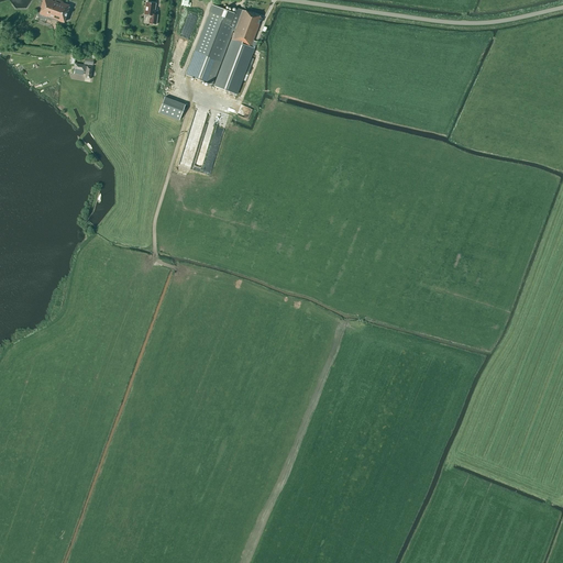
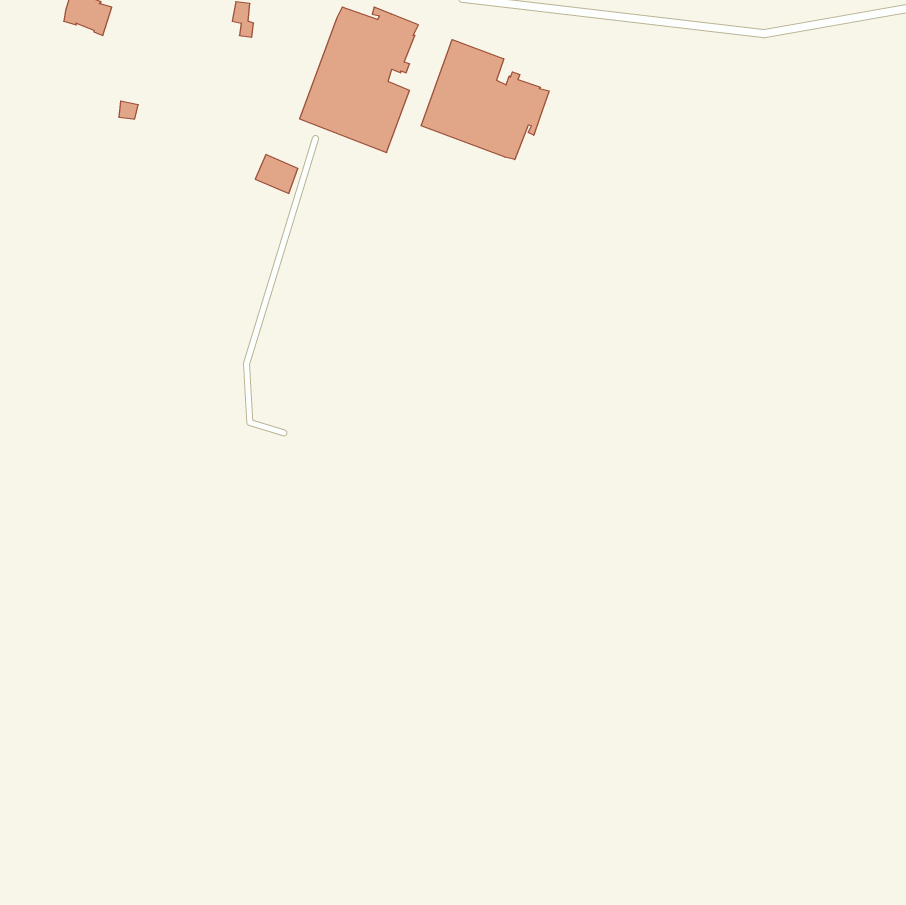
building: none -> [421,40,549,160]

